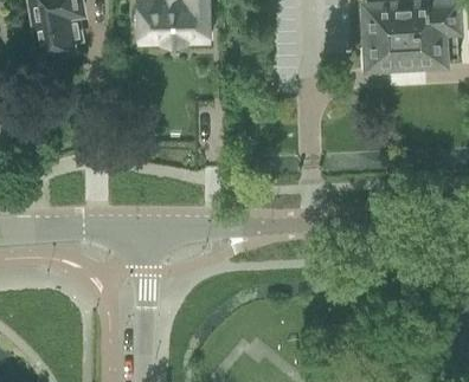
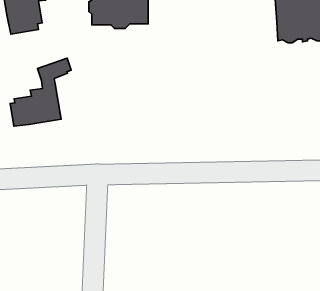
building: none -> [10,58,71,126]

